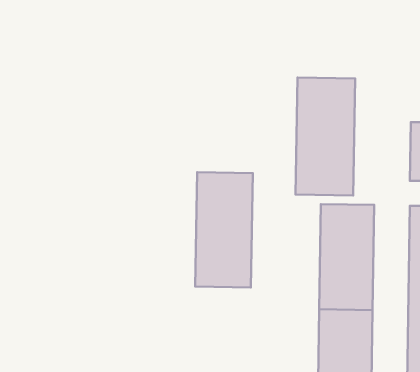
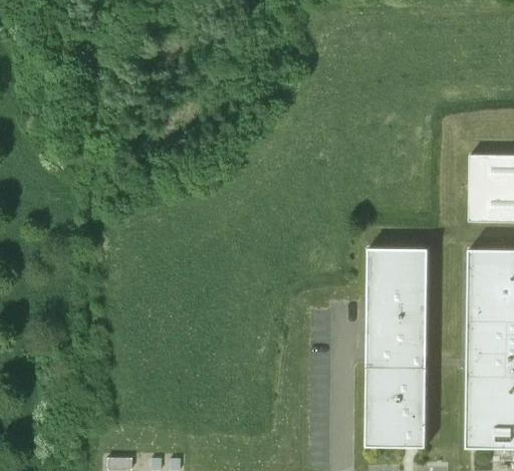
building: [295,78,355,195] -> none
building: [195,172,253,288] -> none

